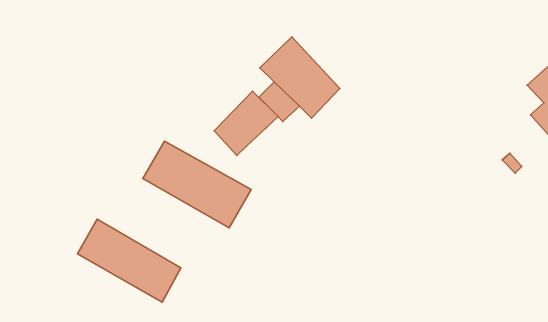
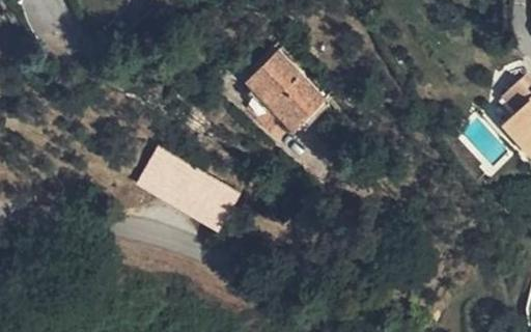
building: [214,91,278,155] -> none
building: [78,219,181,302] -> none

